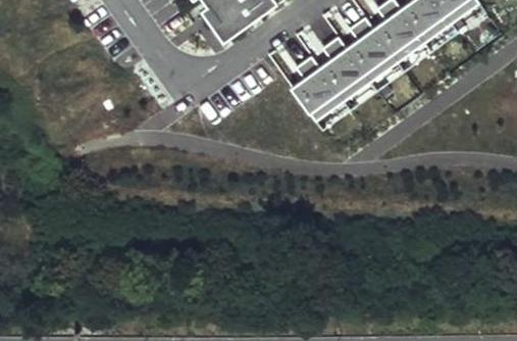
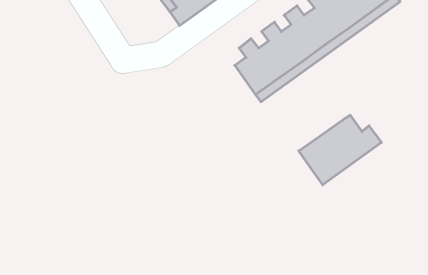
building: none -> [299,115,381,185]

